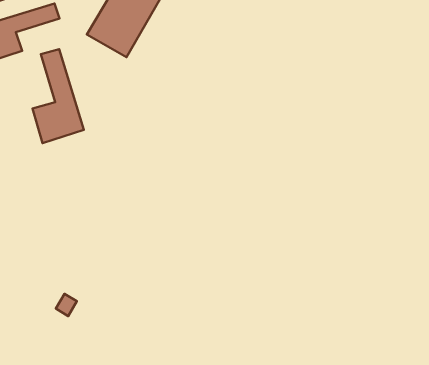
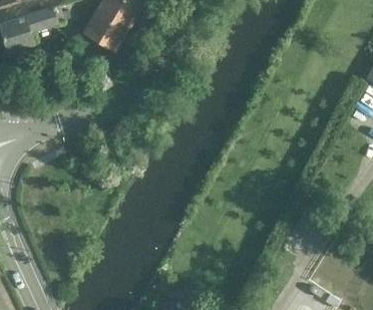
building: [32,49,84,143] -> none

